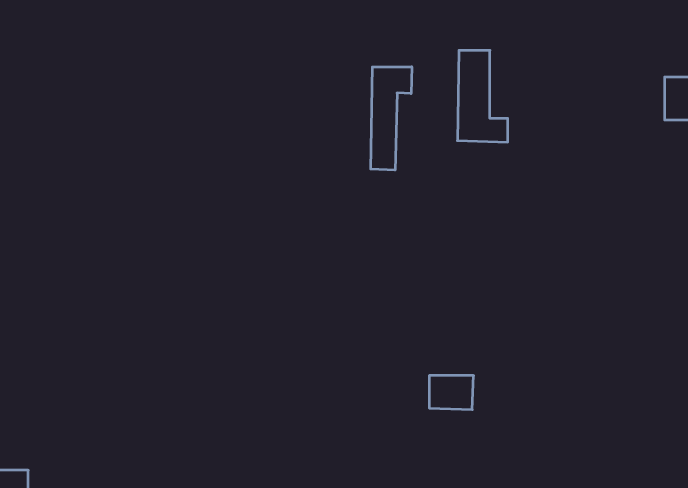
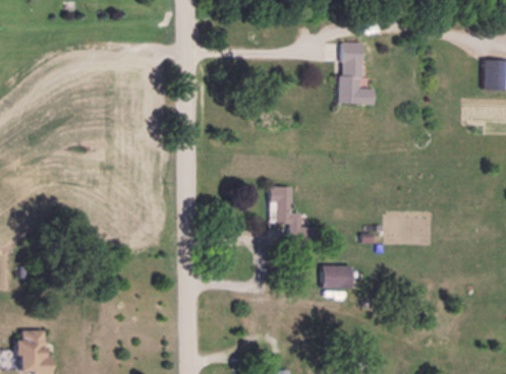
building: [371,67,412,170] -> none
building: none -> [269,186,313,246]

